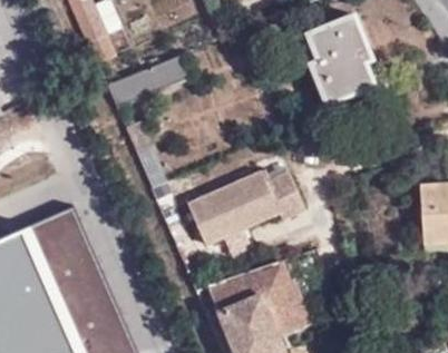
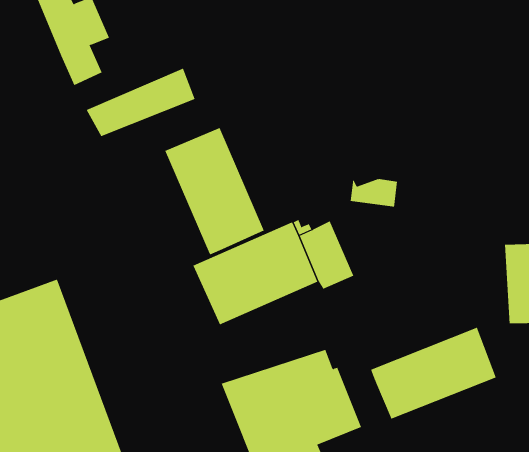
building: [305,14,369,100] -> none
building: none -> [164,127,264,255]
building: none -> [370,327,497,420]

